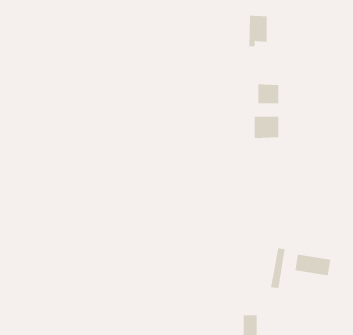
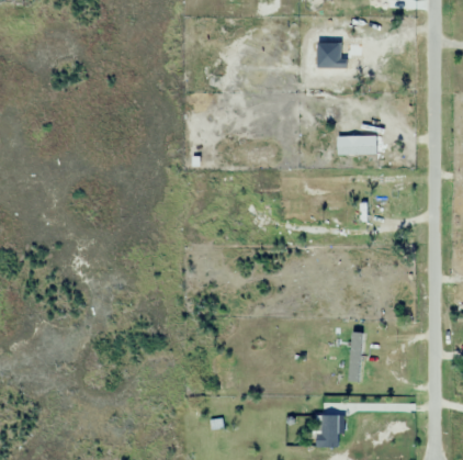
building: [254,116,279,139] -> none
building: [295,254,331,276] -> none

